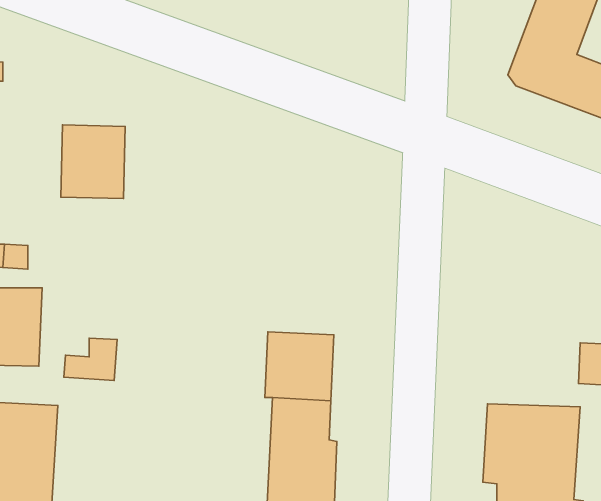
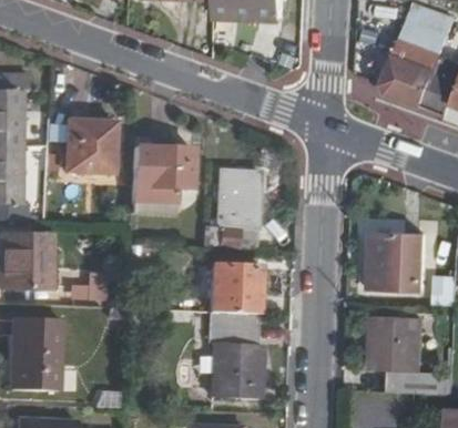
building: none -> [132,147,193,213]
building: none -> [208,172,263,247]
building: none -> [370,233,425,293]

